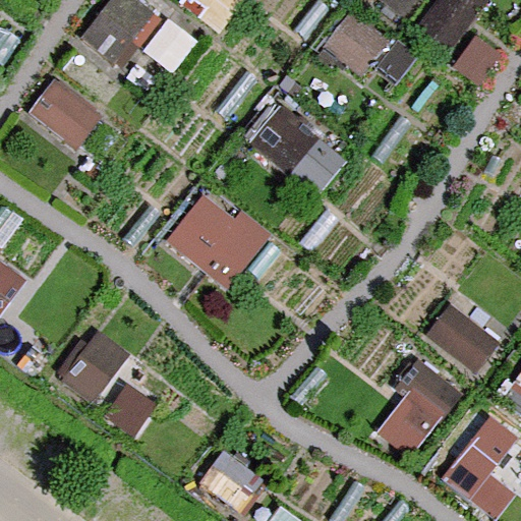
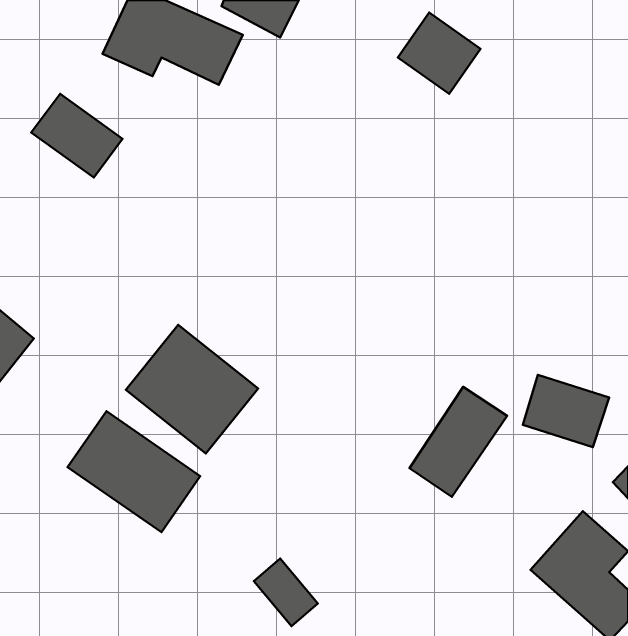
building: [250,103,346,198] -> none
building: [164,185,272,290] -> [126,325,258,453]
building: [377,368,456,458] -> [409,387,507,497]

